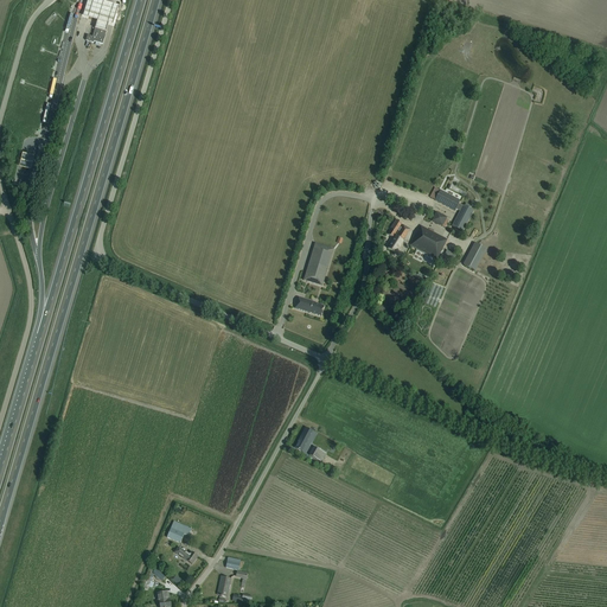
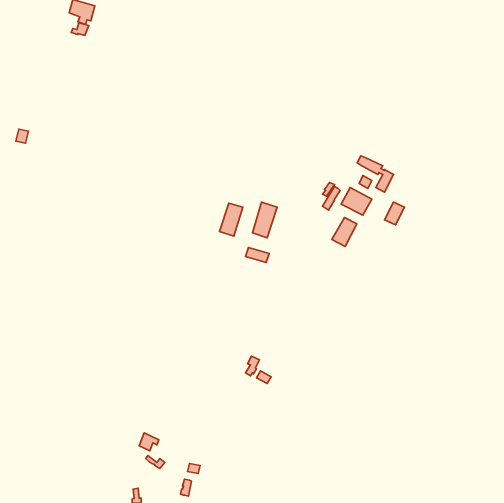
building: none -> [219,203,243,236]
building: none -> [332,217,357,247]

